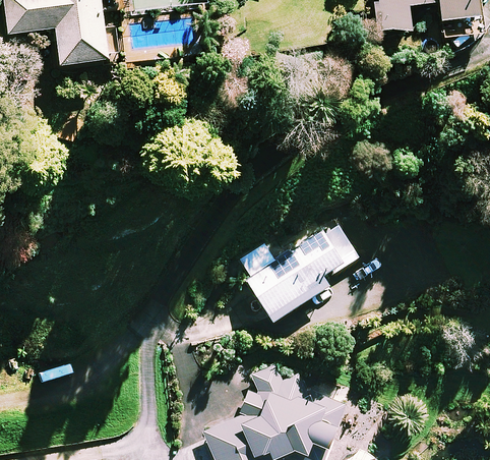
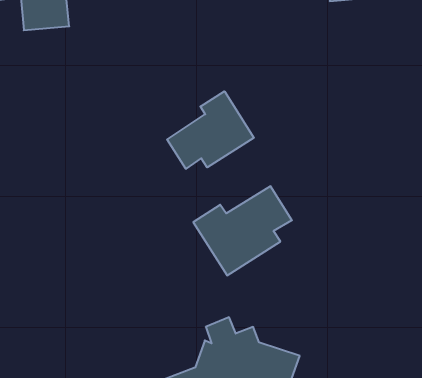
building: none -> [167,91,254,169]

